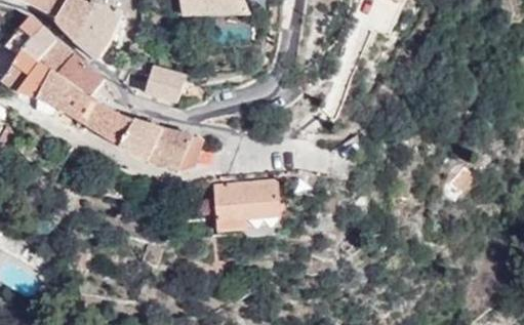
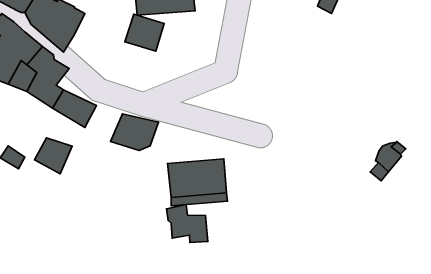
building: [142,64,186,105] -> [125,14,164,51]
building: [121,119,163,159] -> [34,138,72,174]
building: none -> [166,205,208,243]

